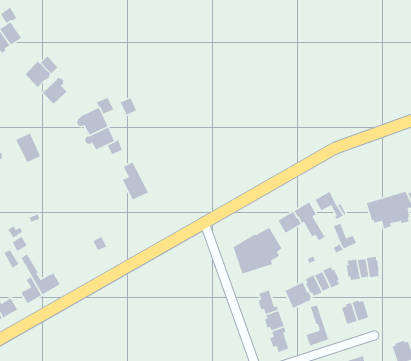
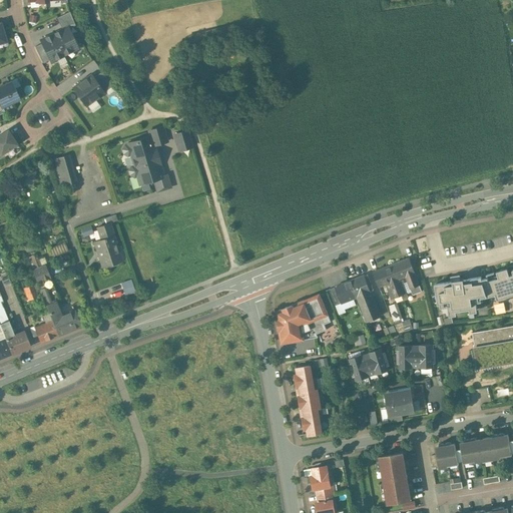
building: [42,77,67,105] -> none
building: [122,161,149,201] -> [93,224,121,268]
building: none -> [391,260,420,295]
building: [285,281,312,309] -> none
building: [306,305,329,346] -> none

